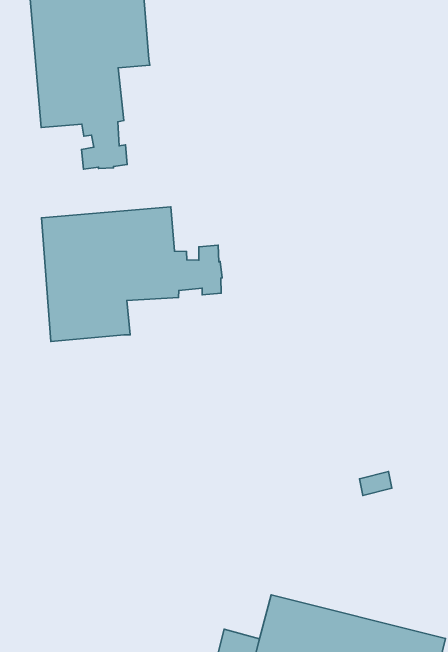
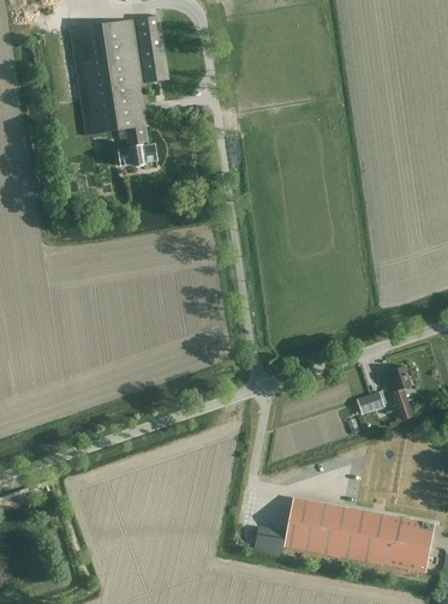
building: [42,207,222,342] -> none
building: none -> [388,365,412,421]

